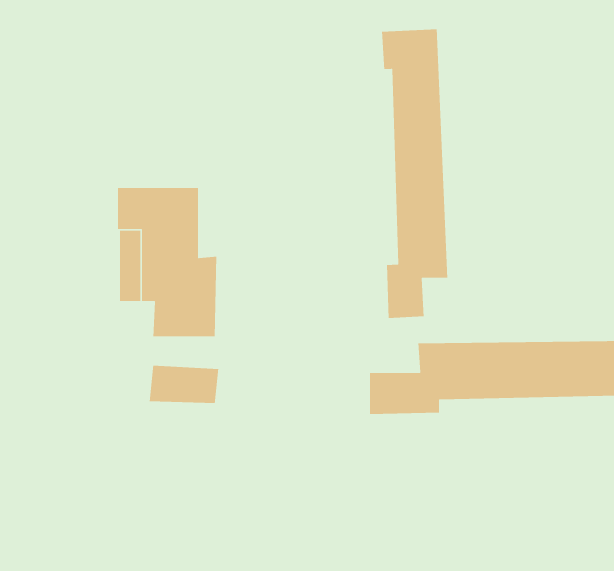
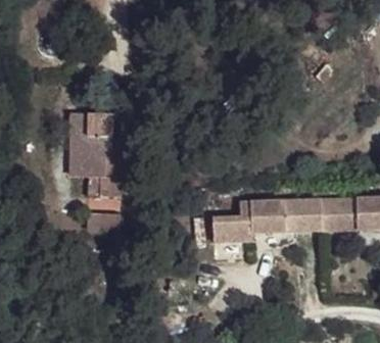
building: [381,28,448,319] -> none

